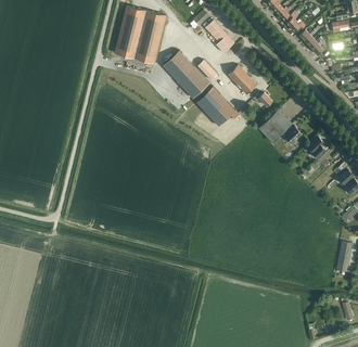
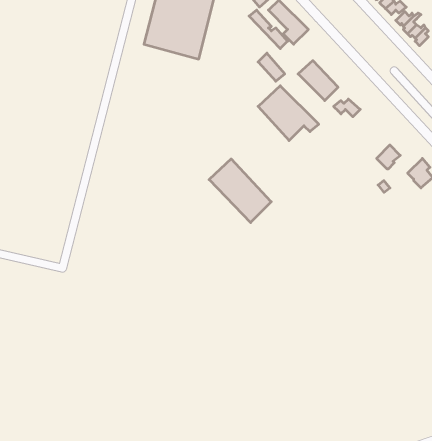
building: [163,51,208,98] -> [209,159,271,223]
building: [258,110,292,143] -> none

